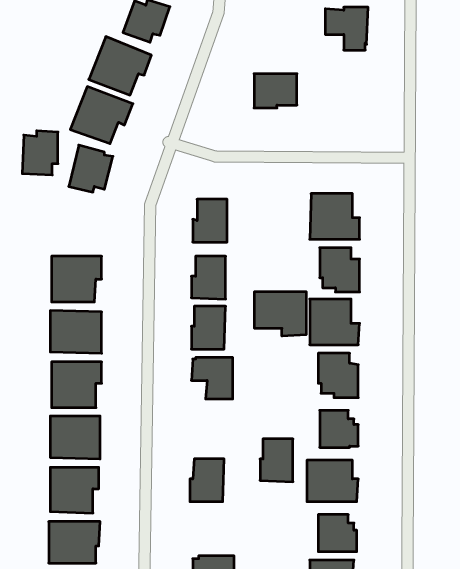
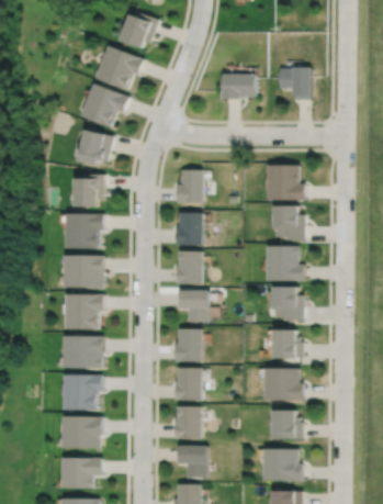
building: [325,7,368,50] -> [280,66,313,99]
building: [22,131,58,175] -> [78,173,105,208]
building: [255,292,306,336] -> none
building: [260,439,293,482] -> [174,331,200,363]
building: none -> [173,407,199,440]

